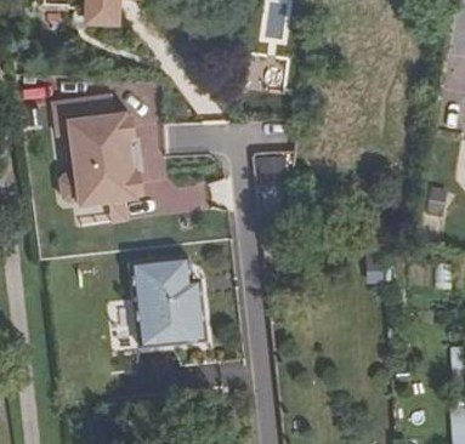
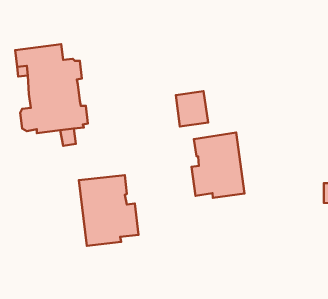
building: none -> [192,133,245,198]

